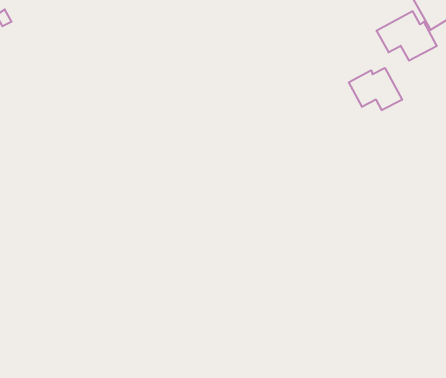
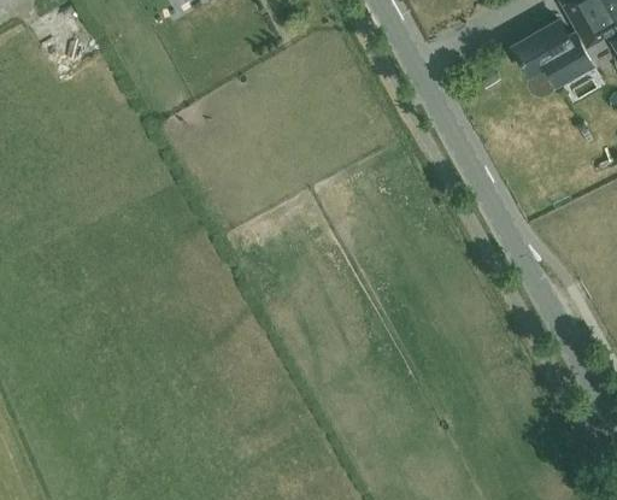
building: [349,68,402,110] -> none

